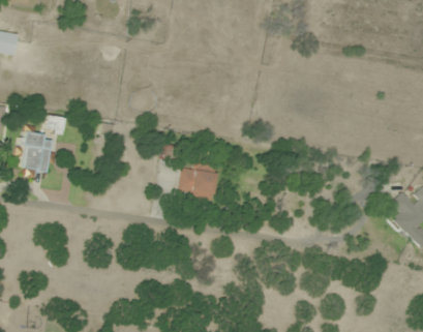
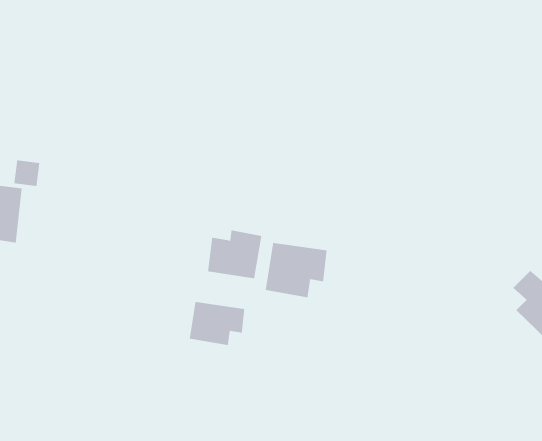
building: none -> [265,242,327,298]
building: none -> [189,301,245,346]

